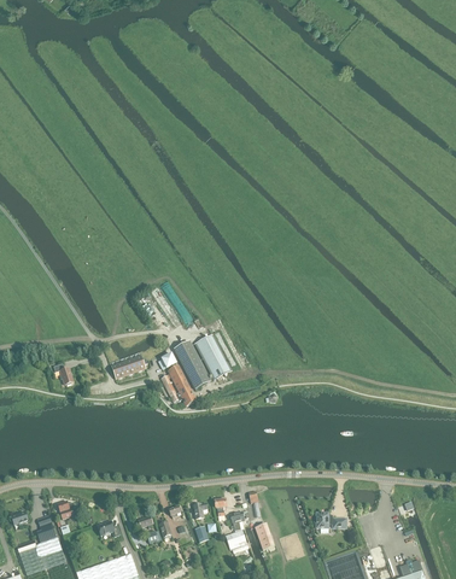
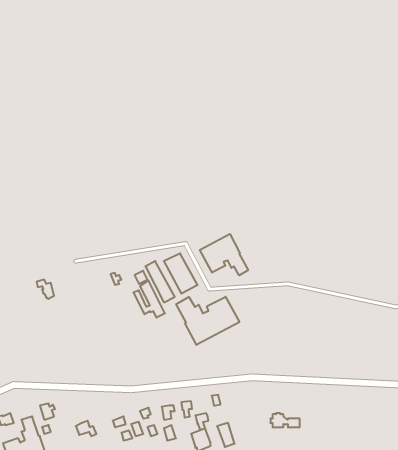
building: none -> [200,234,248,275]
building: none -> [176,297,239,345]

